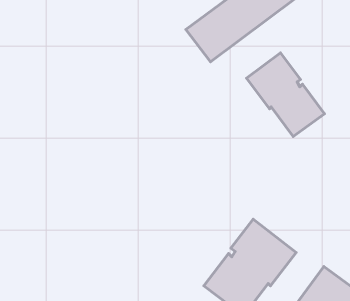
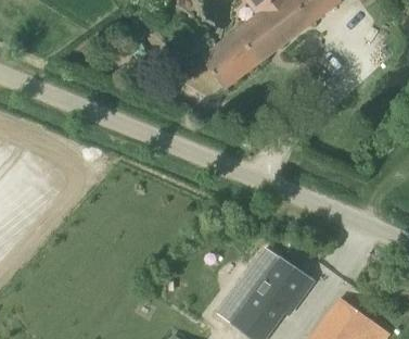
building: [247,53,324,137] -> none

